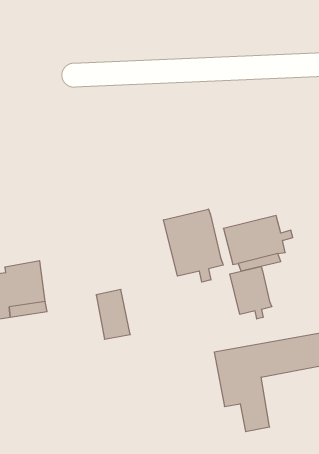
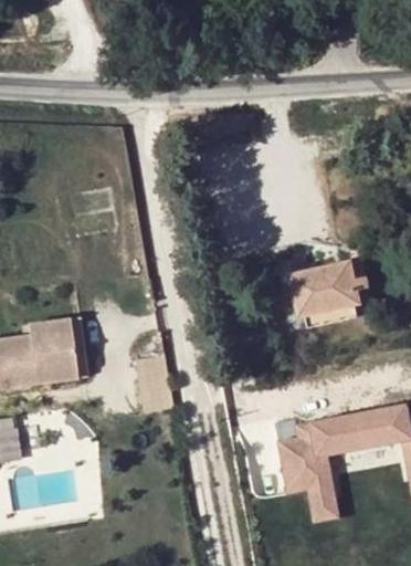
building: [164,209,223,282] -> none
building: [230,267,272,319] -> none

